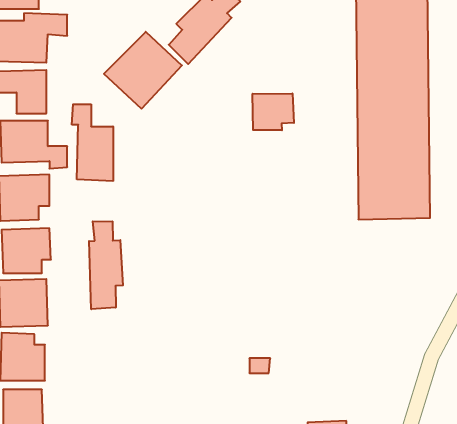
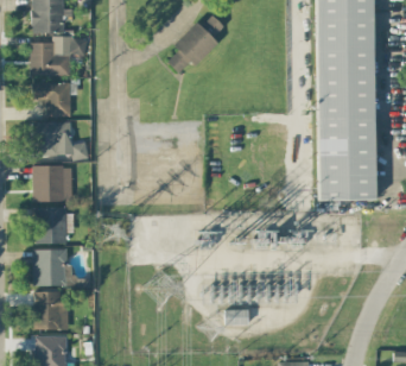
building: [104,32,182,109] -> none
building: [253,93,294,130] -> none
building: [72,104,113,181] -> none
building: [89,221,123,309] -> none

